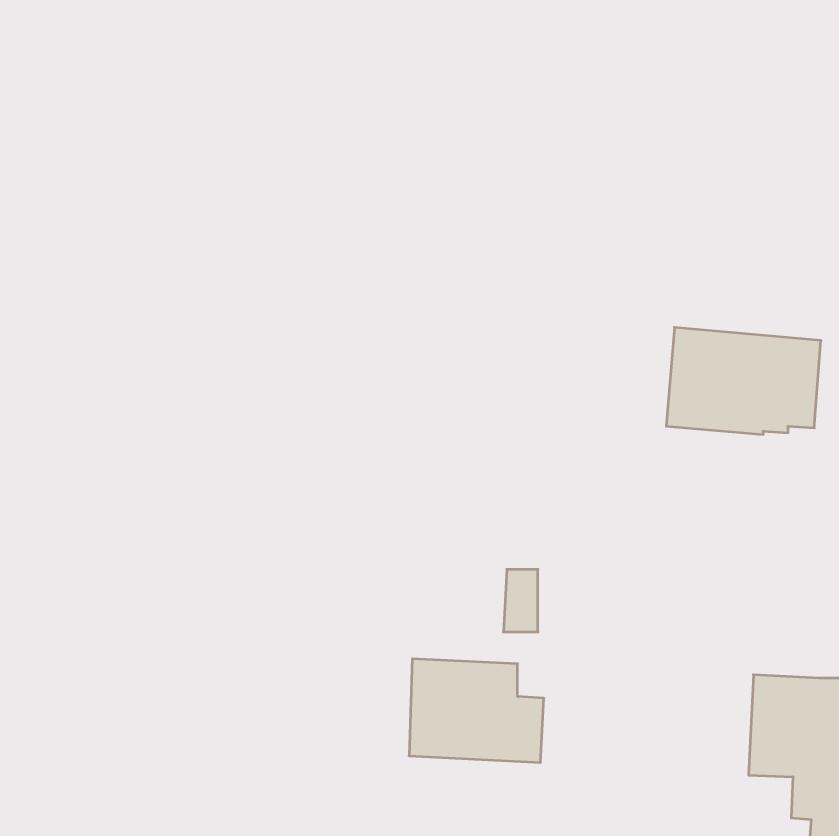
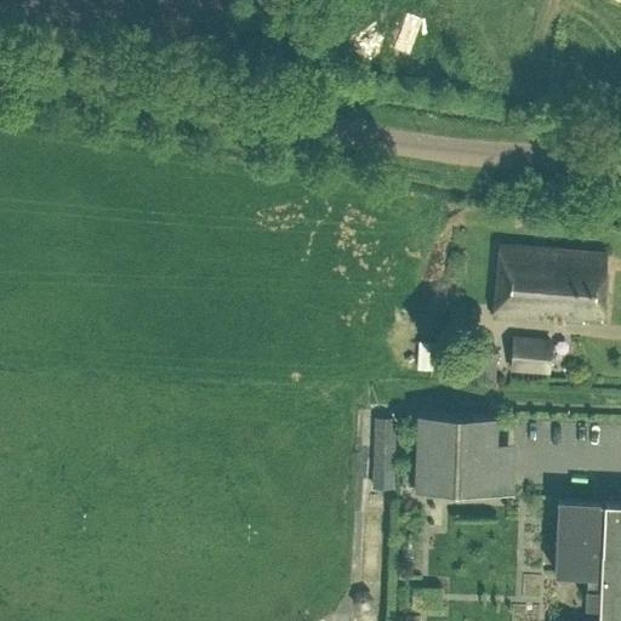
building: none -> [512,338,549,371]
building: [409,659,544,762] -> [416,418,515,495]

